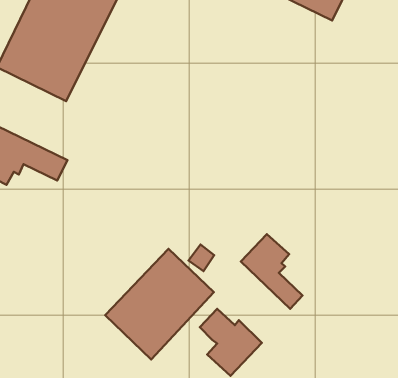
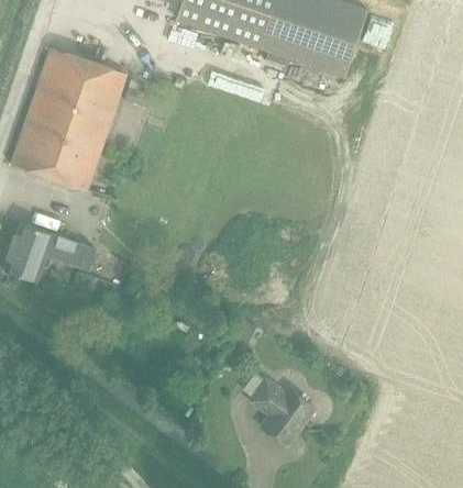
building: [241,234,302,309] -> none
building: [105,249,214,359] -> none

